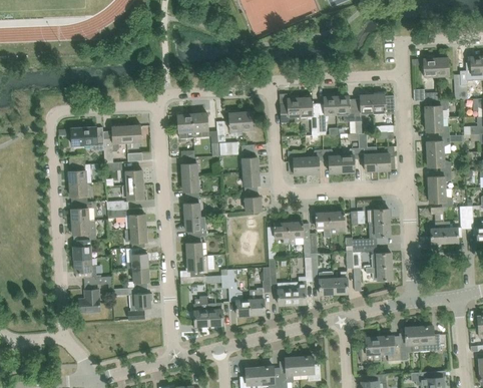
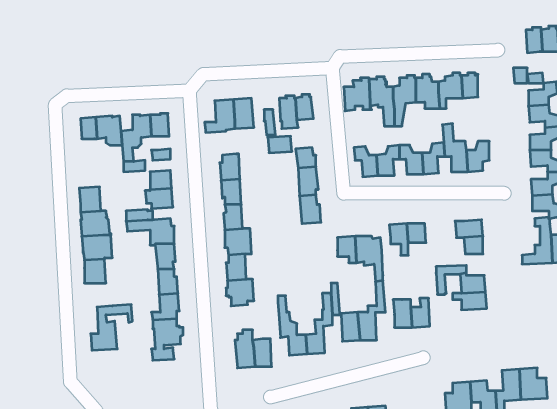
building: [66,163,90,183] -> none
building: [73,259,95,278] -> none

